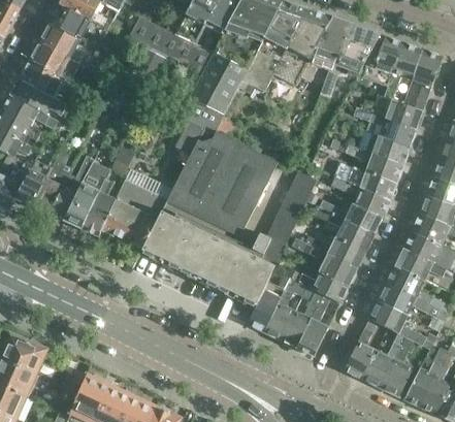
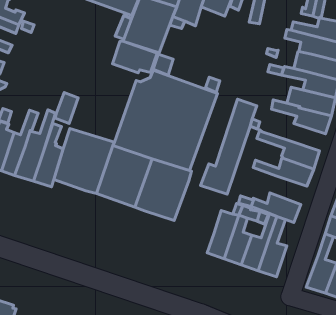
building: [319,200,383,234] -> none
building: [292,238,357,286] -> none
building: [219,248,275,304] -> none

